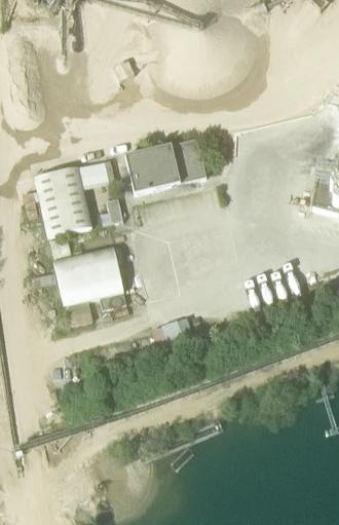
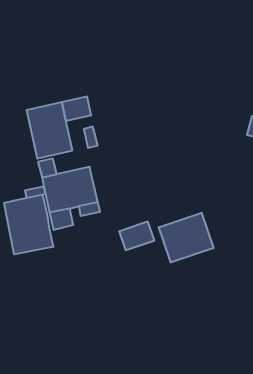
building: [124,138,206,193] -> none
building: none -> [4,195,53,254]
building: none -> [159,213,214,263]

